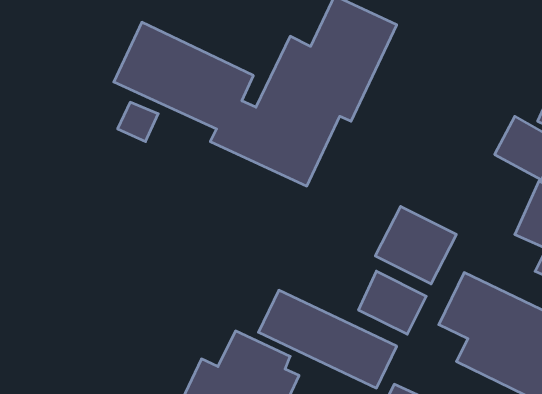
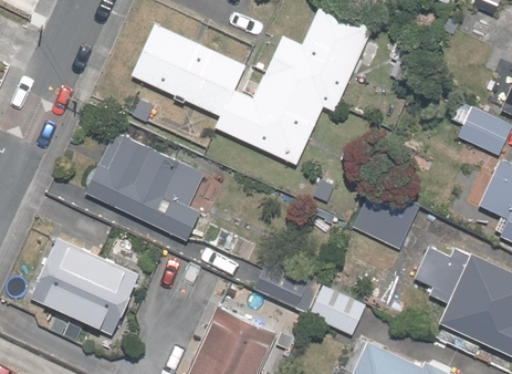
building: none -> [81,133,218,241]
building: none -> [36,236,139,333]
building: [359,271,426,334] -> none

